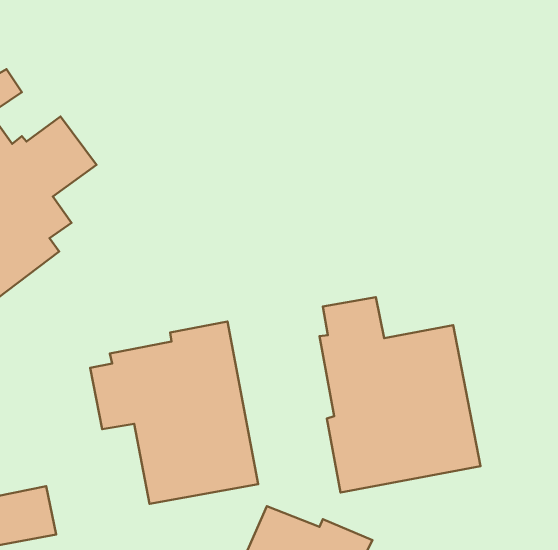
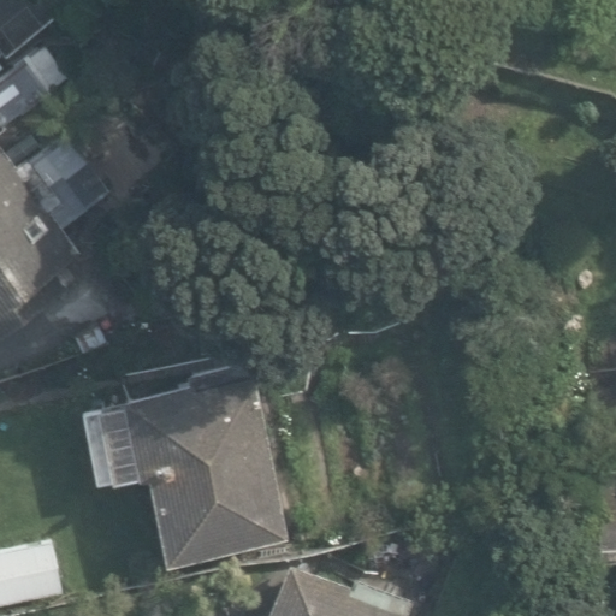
building: [319,297,481,492] -> none

